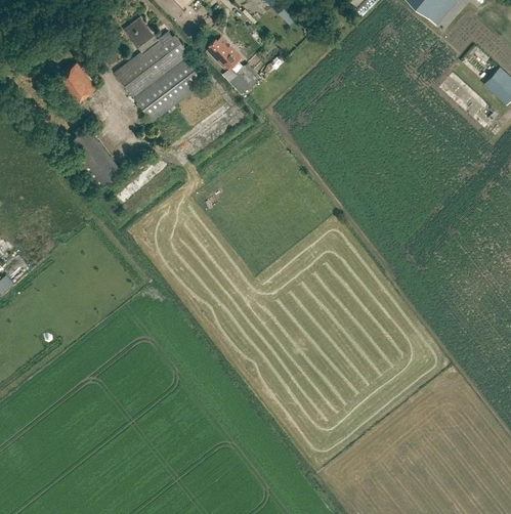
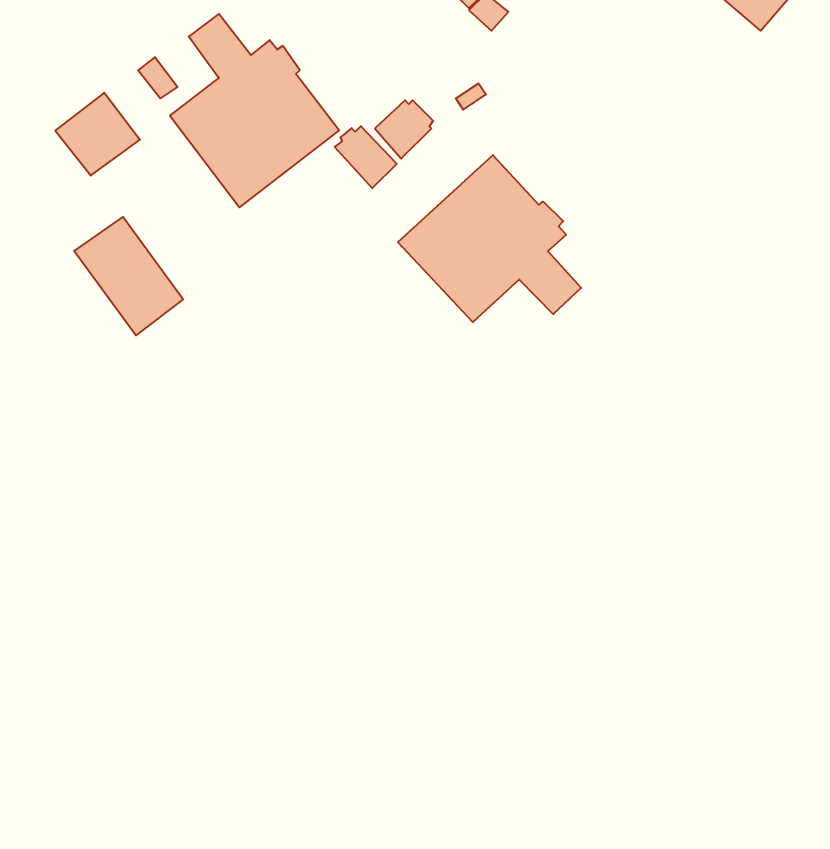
building: [205,38,239,72] -> [335,126,397,188]
building: none -> [398,155,581,322]

